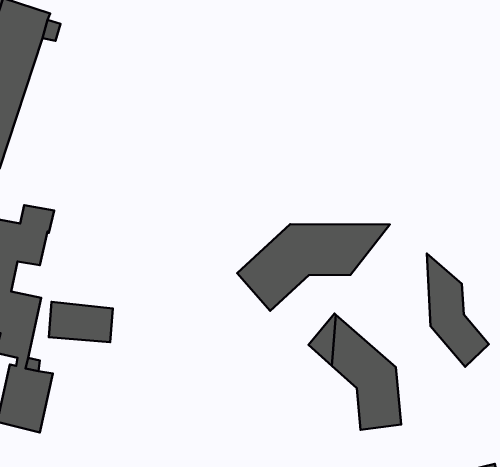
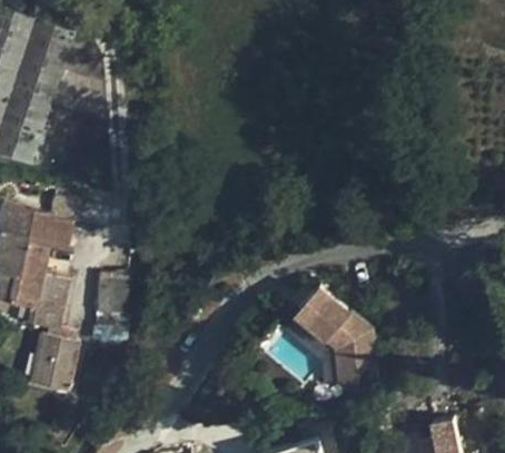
building: [237,224,390,311] -> none
building: [427,253,489,367] -> none

